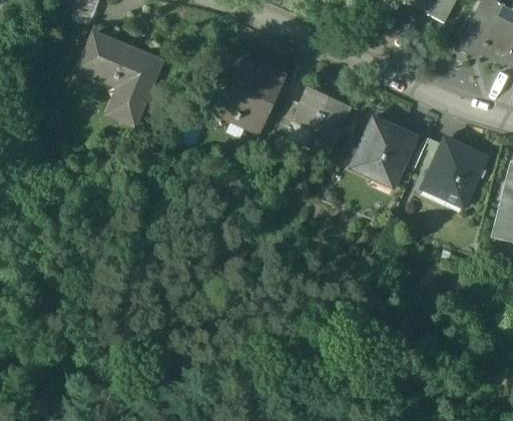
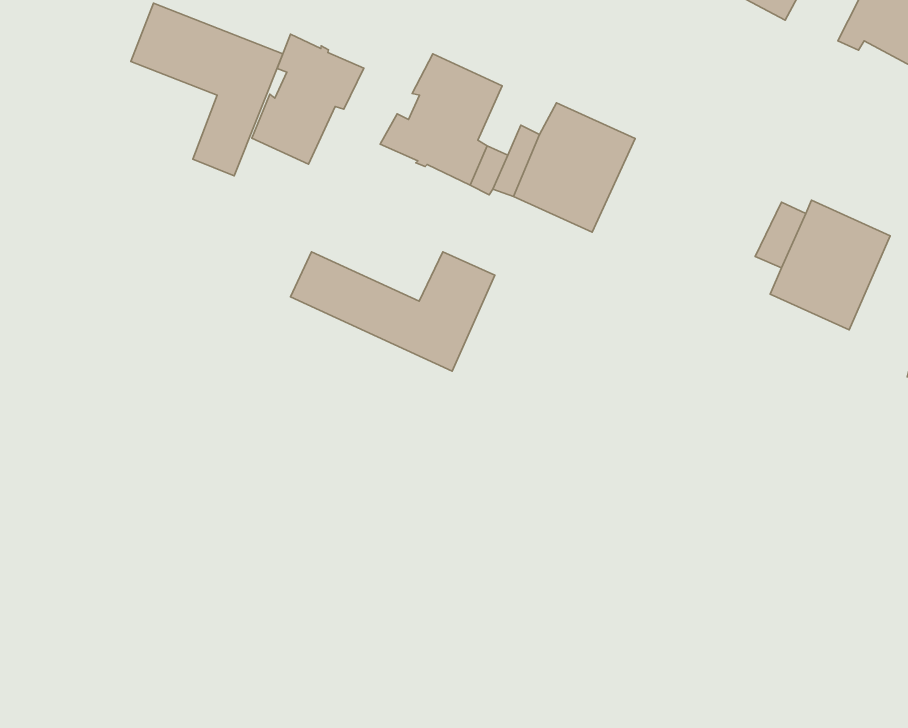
building: none -> [252,34,364,164]
building: [350,116,418,180] -> none
building: none -> [290,252,495,371]

